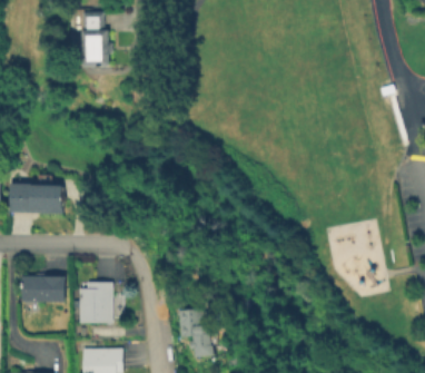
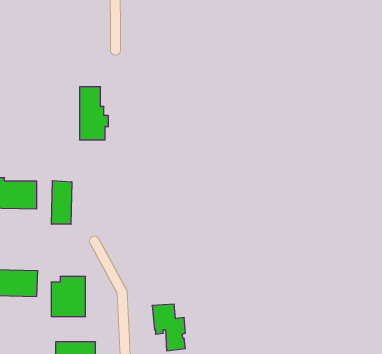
building: [86,12,115,66] -> [80,87,108,140]
building: none -> [52,181,72,224]

